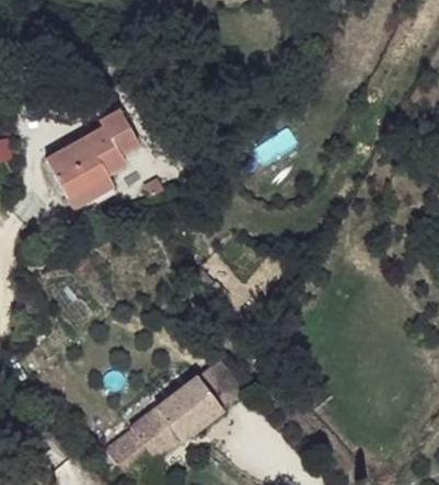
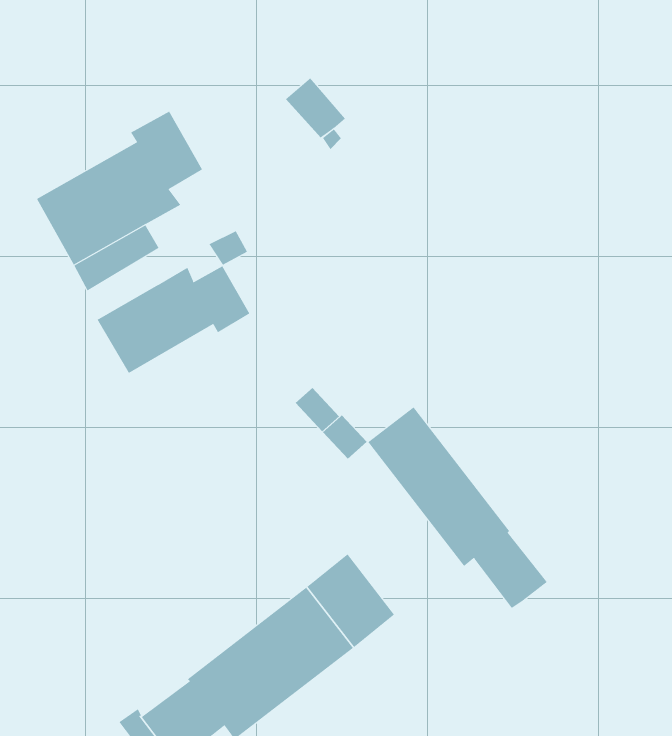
building: none -> [97,266,250,374]
building: none -> [367,407,548,609]

